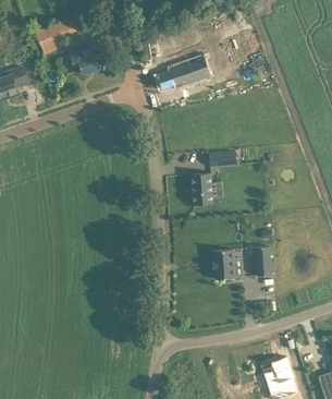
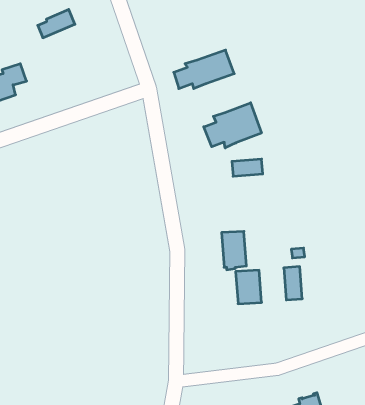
building: [70,47,99,74] -> none
building: none -> [204,103,261,148]
building: [190,173,212,207] -> [222,231,246,270]

